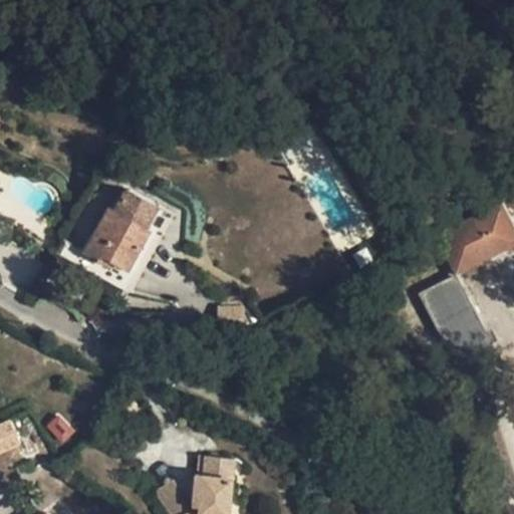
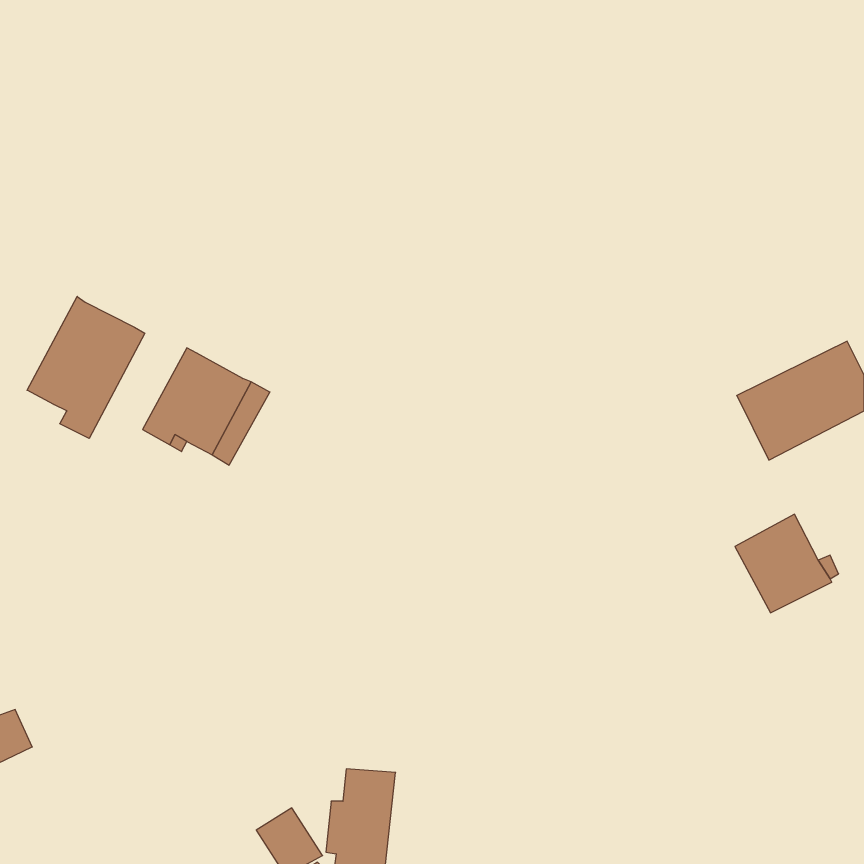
building: none -> [27,296,145,438]
building: [116,187,157,226] -> none
building: [419,276,470,325] -> none

